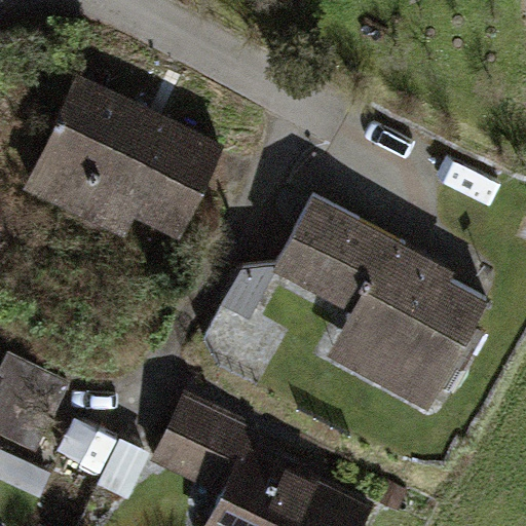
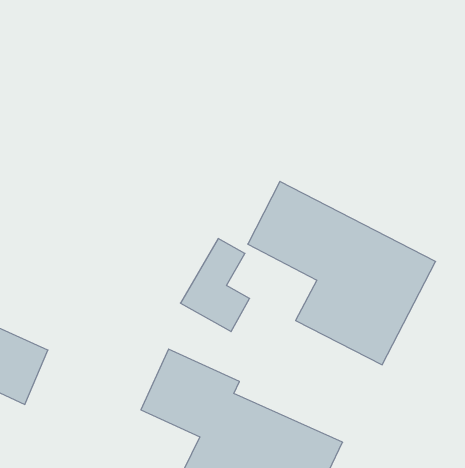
building: [26,79,209,249] -> none

